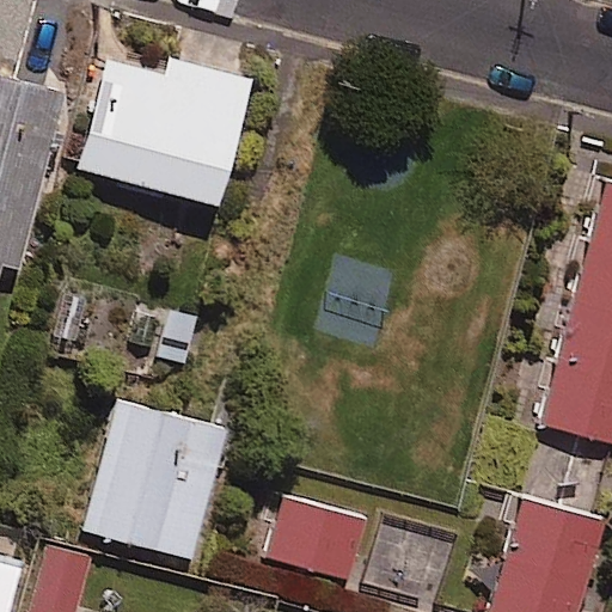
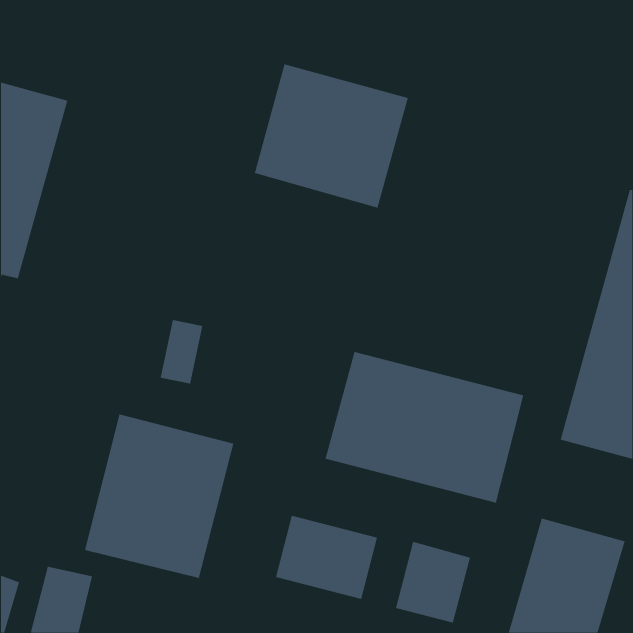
building: [79,57,252,206] -> none
building: none -> [254,64,409,208]
building: none -> [325,351,524,504]

